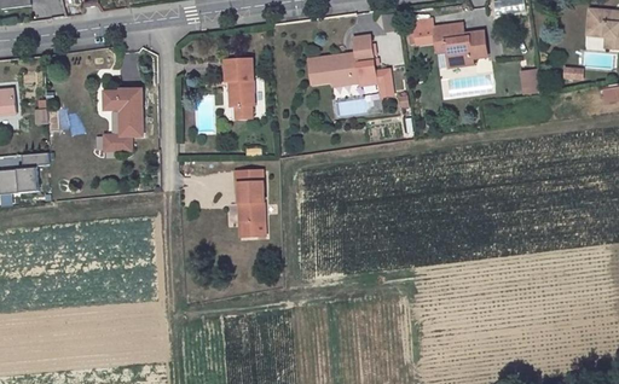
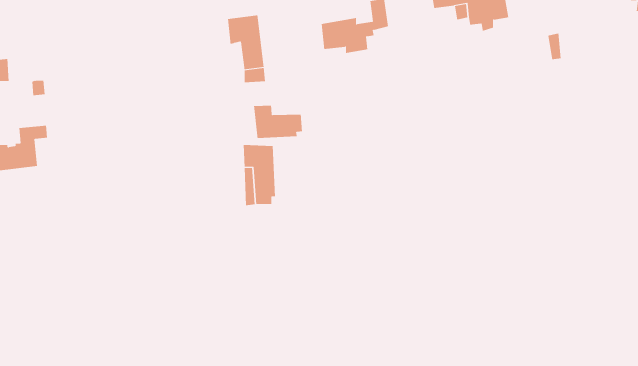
building: [358,60,392,95] -> none
building: [100,89,140,156] -> none
building: none -> [253,105,303,139]

